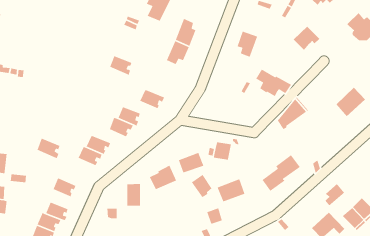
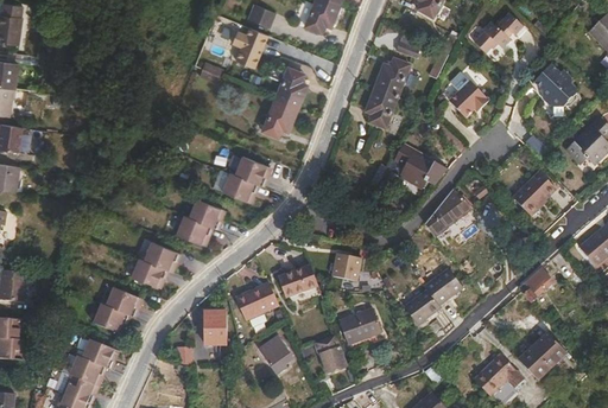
building: none -> [374,58,408,95]
building: [109,55,132,76] -> [235,157,270,187]
building: [36,137,60,159] -> [104,286,140,318]
building: [191,174,213,198] -> [258,338,290,374]
building: [324,183,345,207] -> [522,267,553,301]

